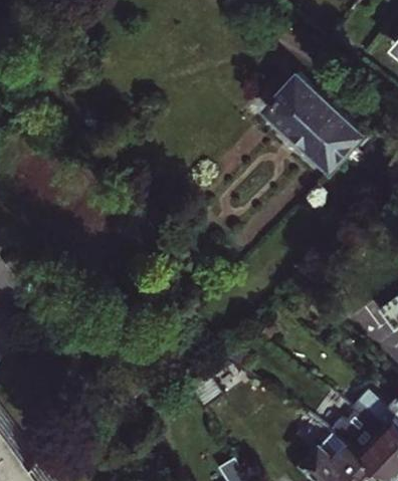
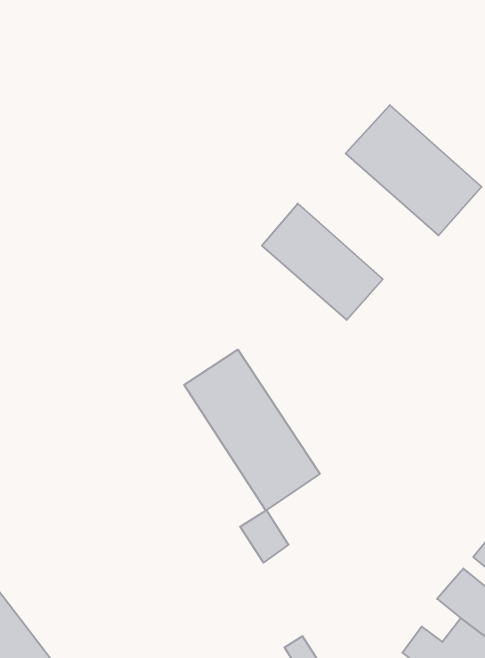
building: none -> [262,203,383,320]
building: none -> [184,350,320,510]

